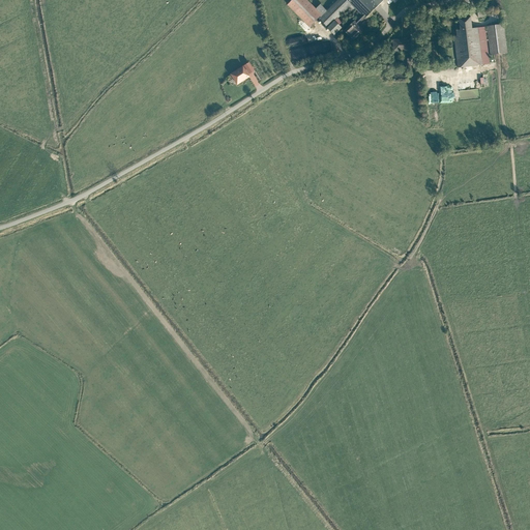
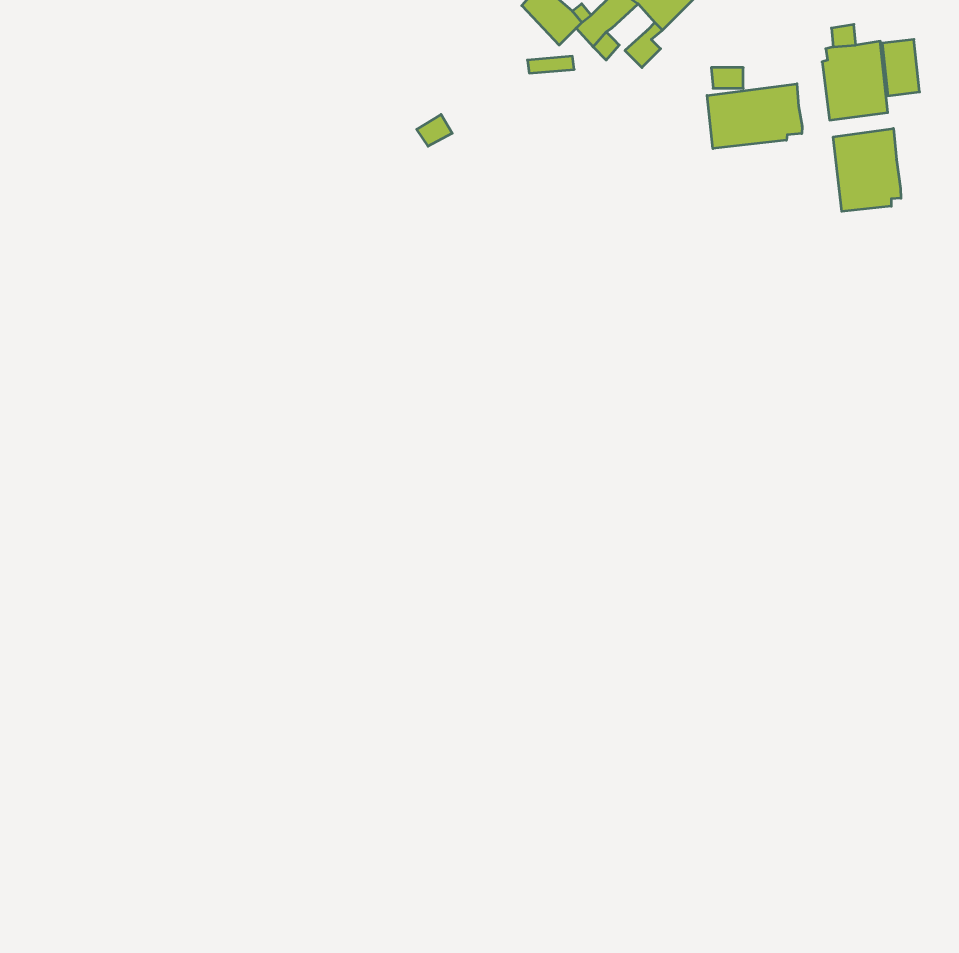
building: none -> [707,84,802,149]
building: none -> [833,128,901,211]

